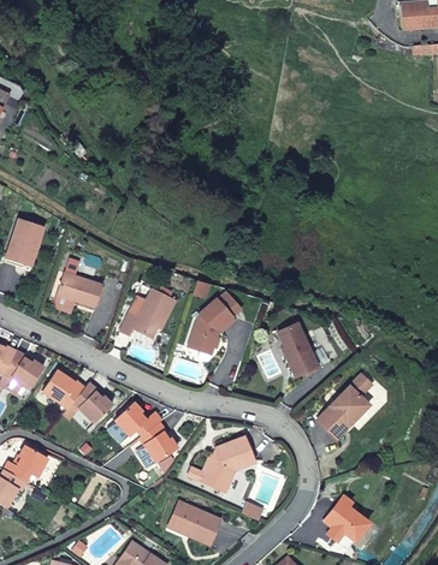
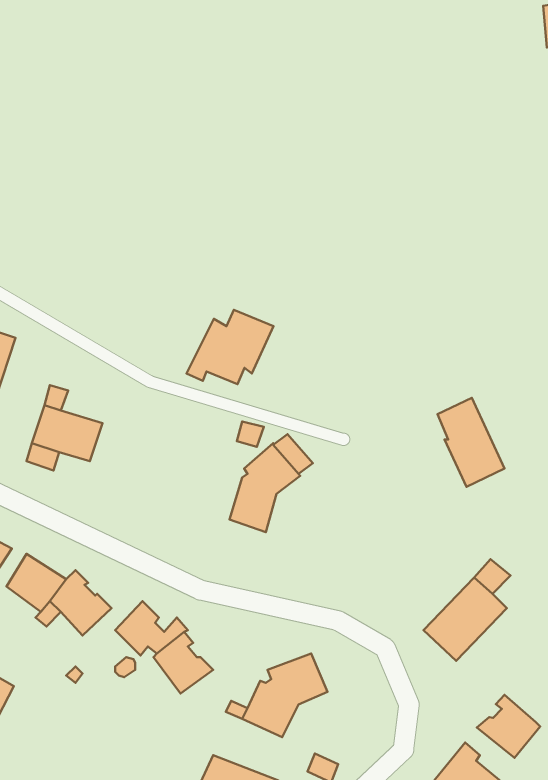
building: [120,289,178,338] -> [187,310,274,384]
building: [277,320,321,379] -> [437,398,504,487]
building: none -> [477,695,540,758]

